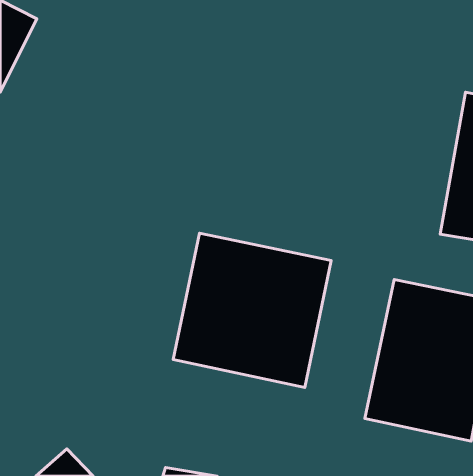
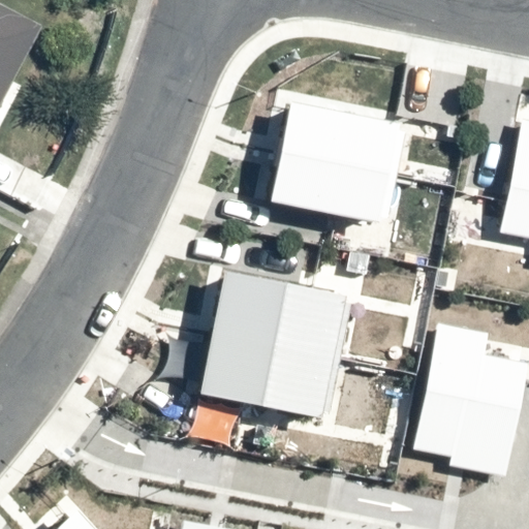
building: none -> [263,90,418,232]

